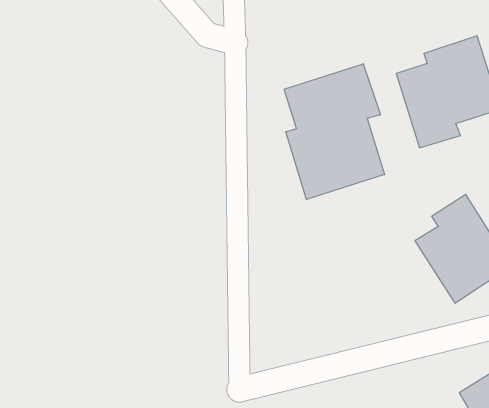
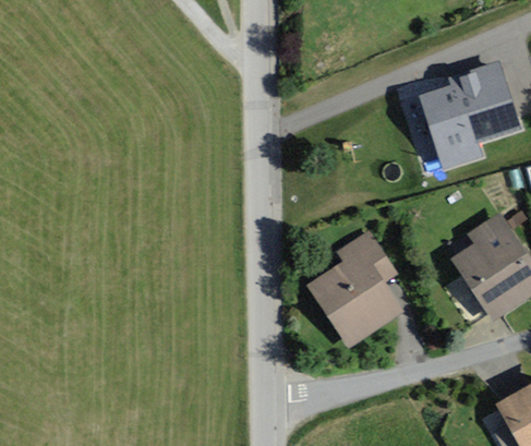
building: [284,64,385,199] -> none
building: none -> [304,231,400,349]

